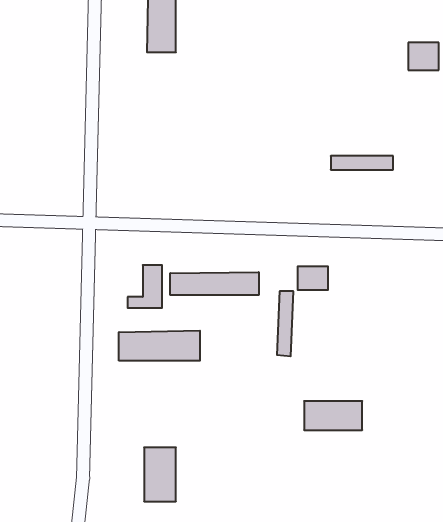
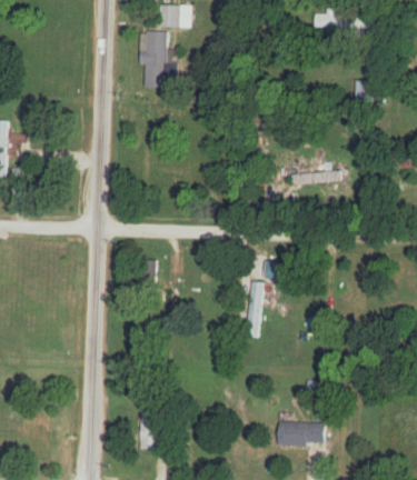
building: [170,272,259,295] -> none
building: [119,331,200,361] -> none
building: [304,401,362,430] -> [278,422,325,446]

